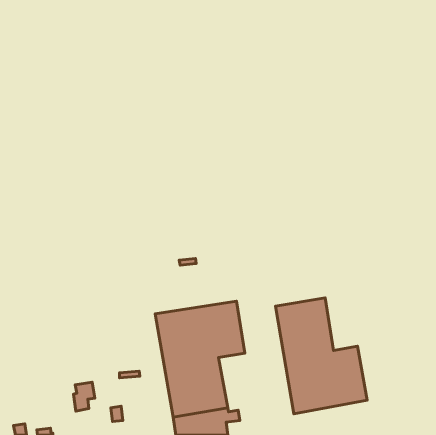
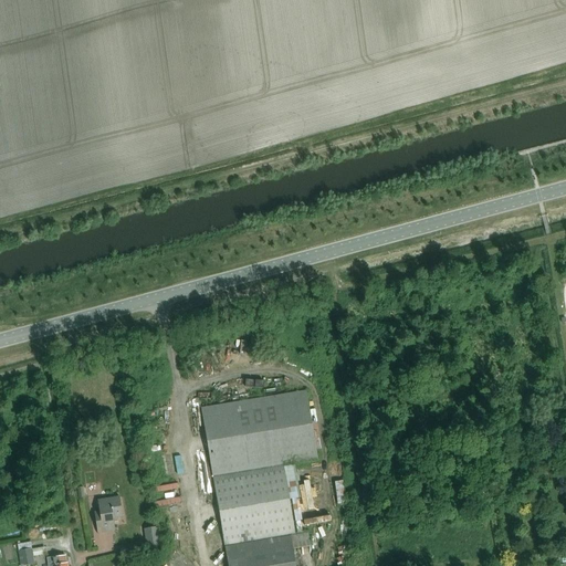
building: [275,298,367,414] -> none

